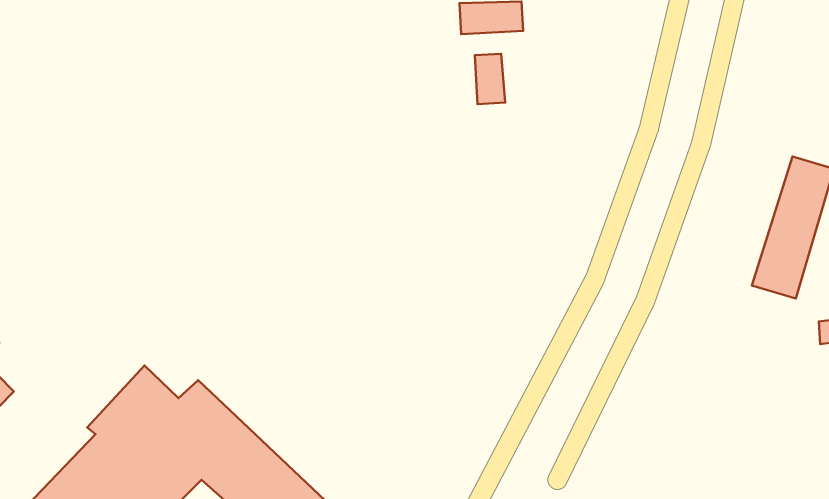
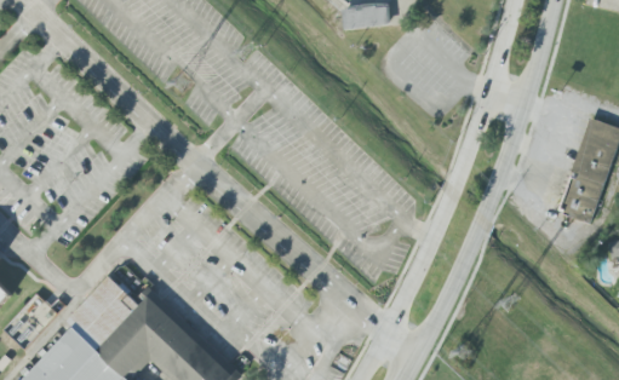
building: [475,54,505,104] -> none

